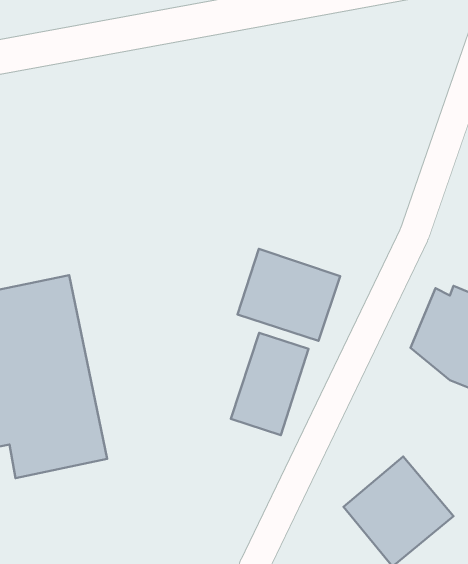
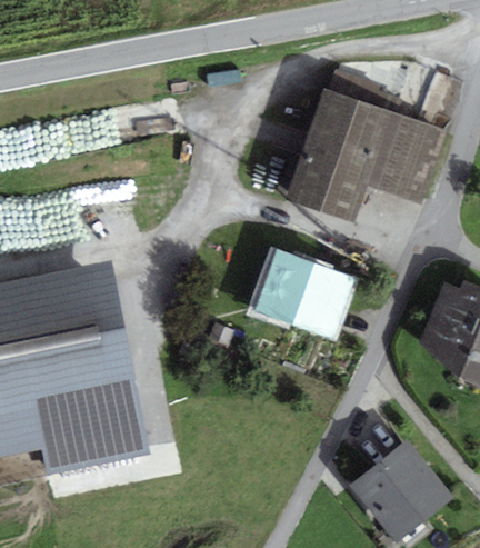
building: none -> [289,78,438,217]
building: [231,333,309,435] -> none

